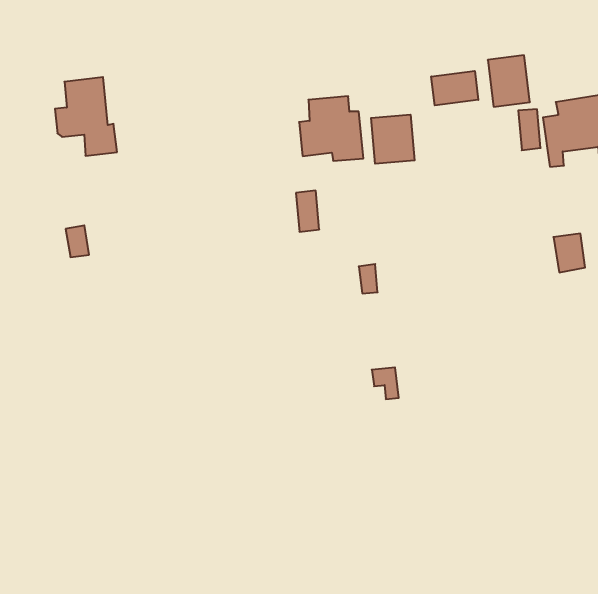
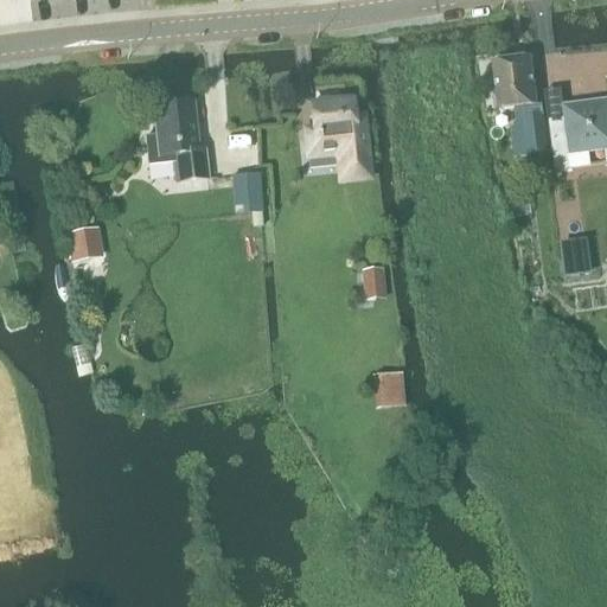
building: [431,71,478,105] -> none
building: [55,77,117,156] -> [145,100,207,179]
building: [371,115,415,164] -> none
building: [296,191,319,232] -> [241,170,264,211]

